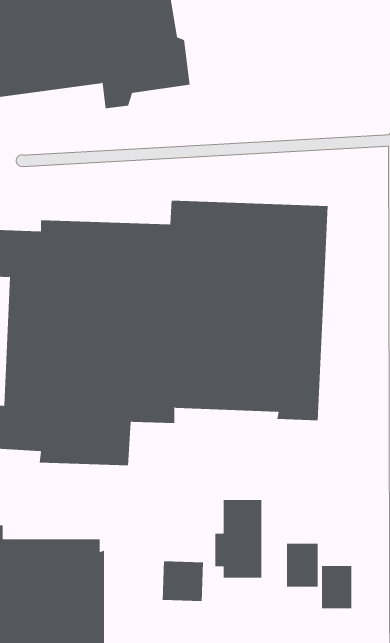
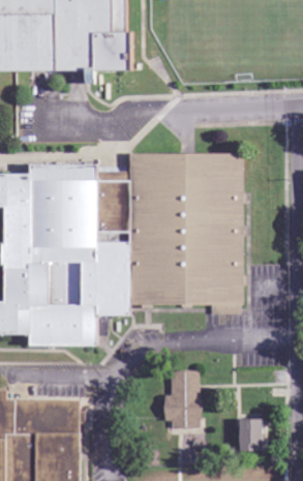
building: [286,543,318,588] -> none
building: [162,561,203,602] -> none

